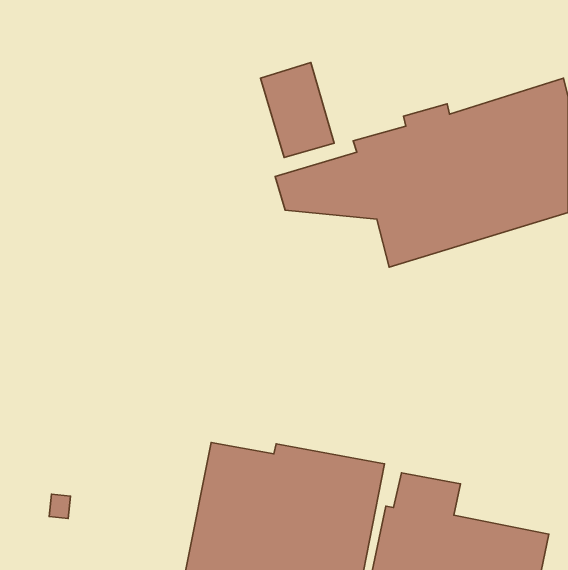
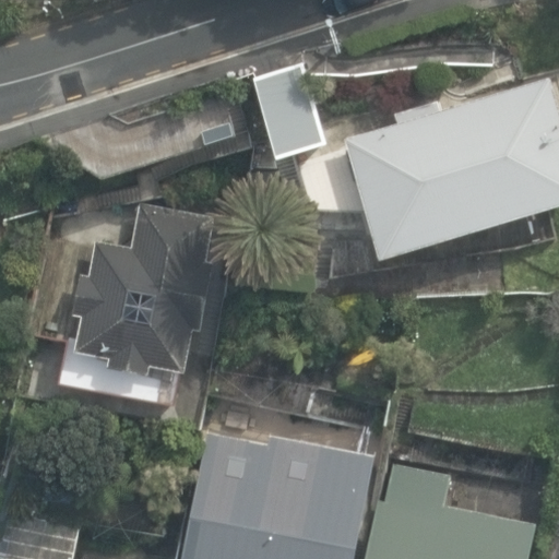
building: none -> [59,204,215,407]

